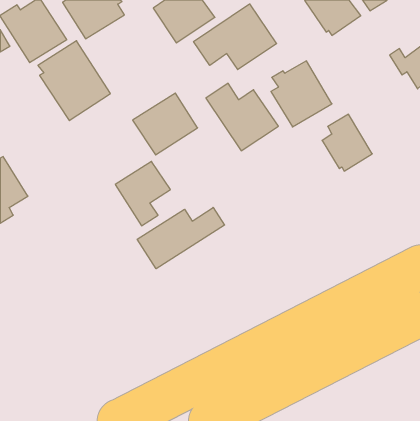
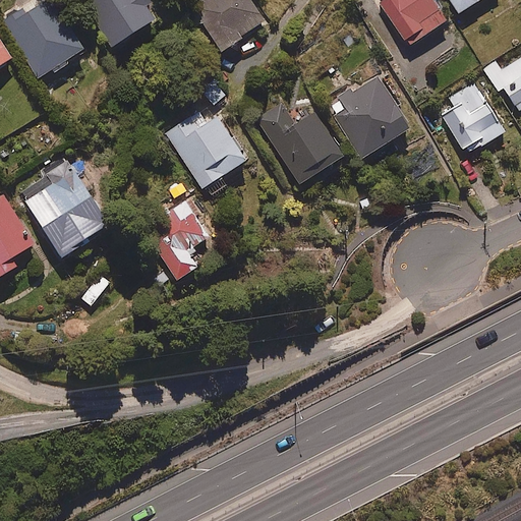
building: [194,4,277,70] -> none
building: [38,41,110,121] -> [21,159,111,257]
building: [322,114,372,171] -> [443,81,505,152]
building: [137,207,225,269] -> none

